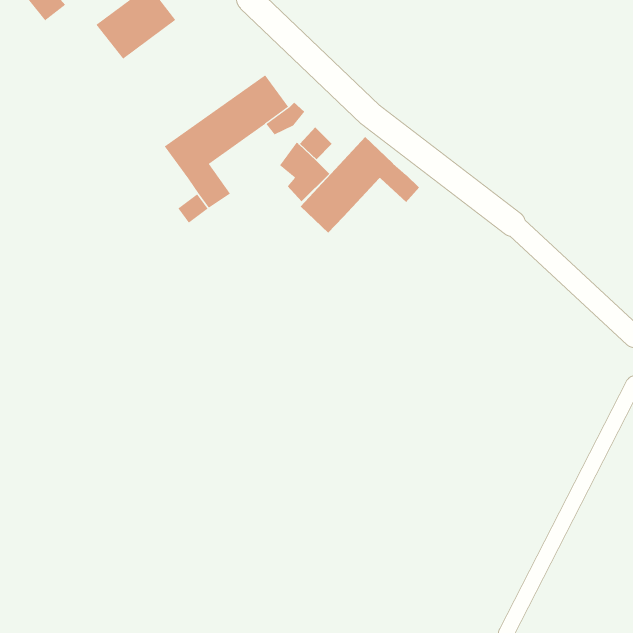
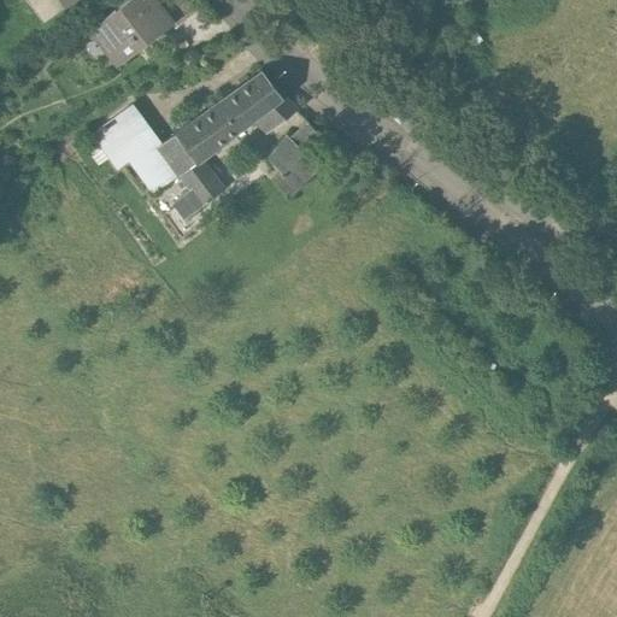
building: none -> [93,105,183,193]
building: [300,136,420,233] -> none

